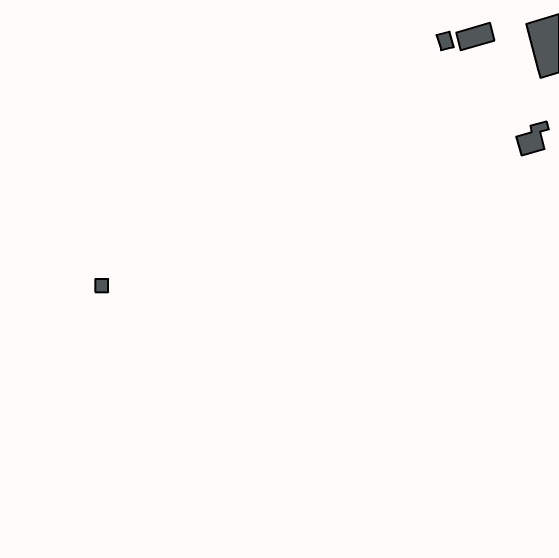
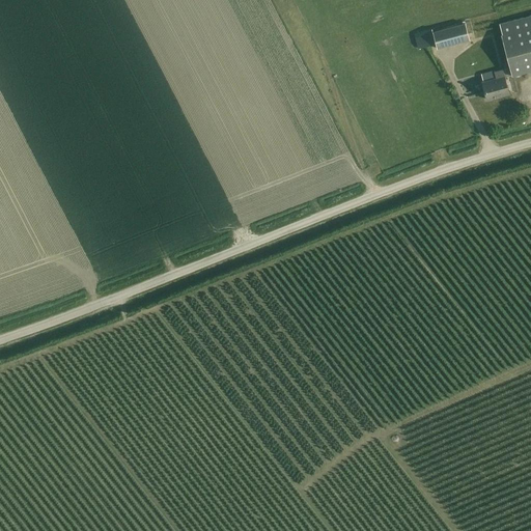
building: [516,122,549,155] -> [481,66,512,99]

